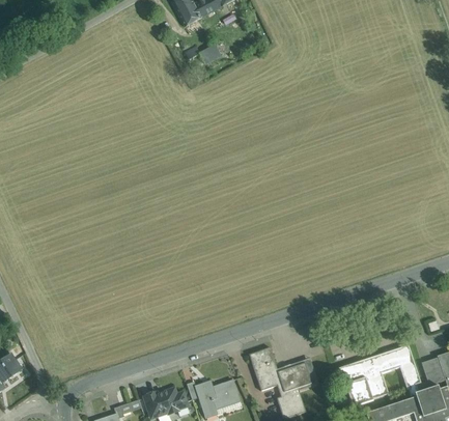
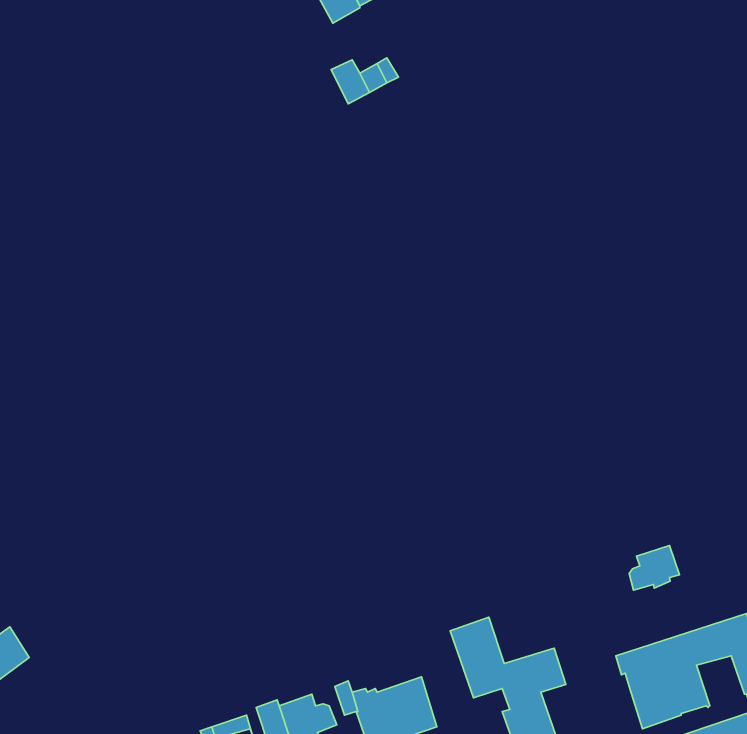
building: none -> [629,545,680,590]

